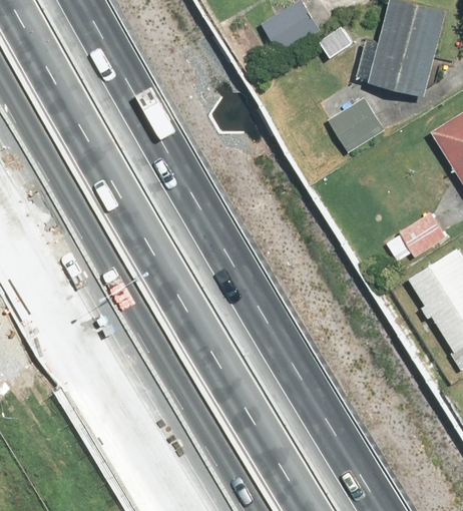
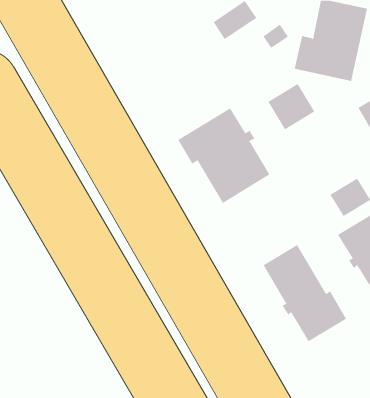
building: none -> [178,107,270,204]
building: none -> [263,244,347,342]

